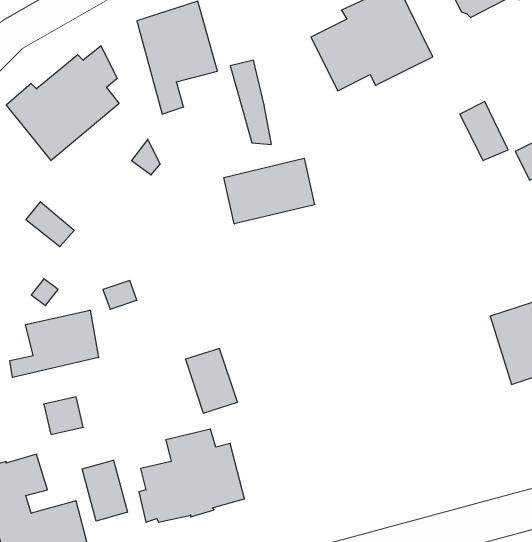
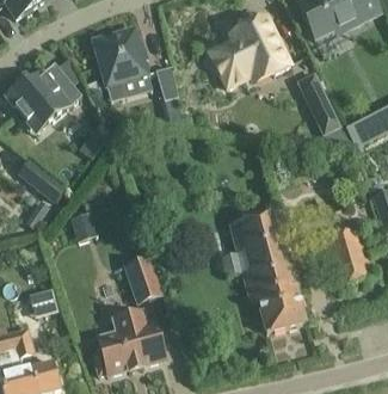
building: [224,158,314,224] -> none
building: none -> [230,211,306,332]
building: [10,310,98,377] -> none
building: [82,460,127,521] -> none

